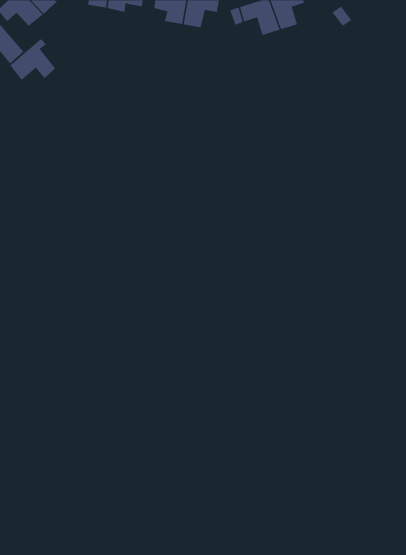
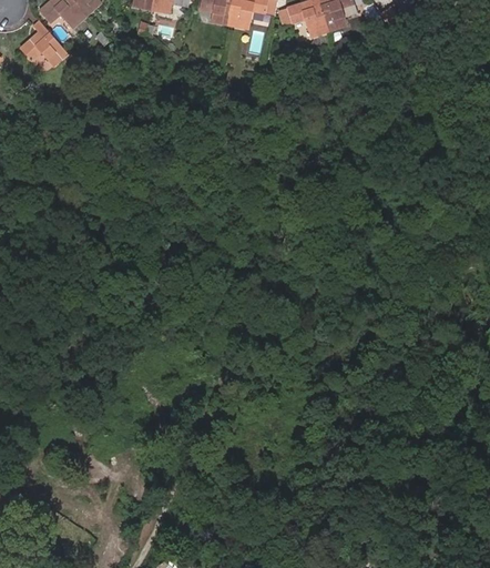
building: [9,38,56,81] -> none

